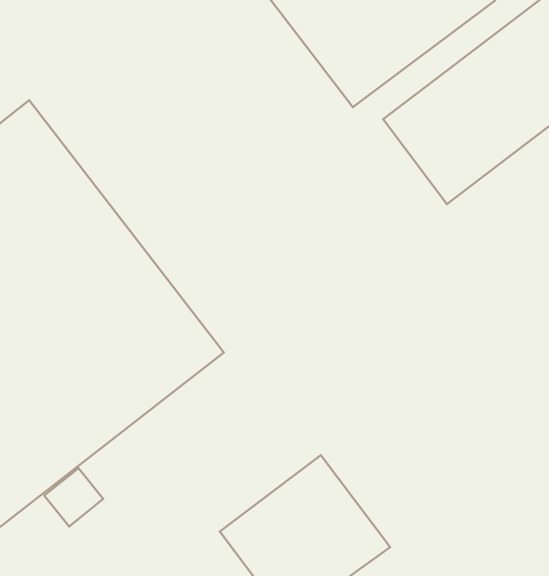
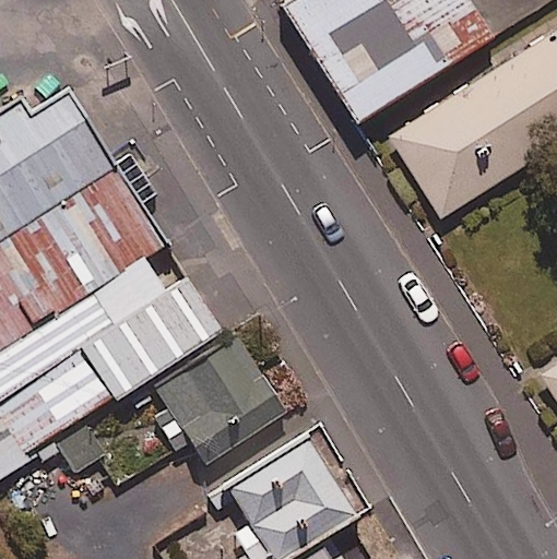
building: none -> [151,330,285,463]

